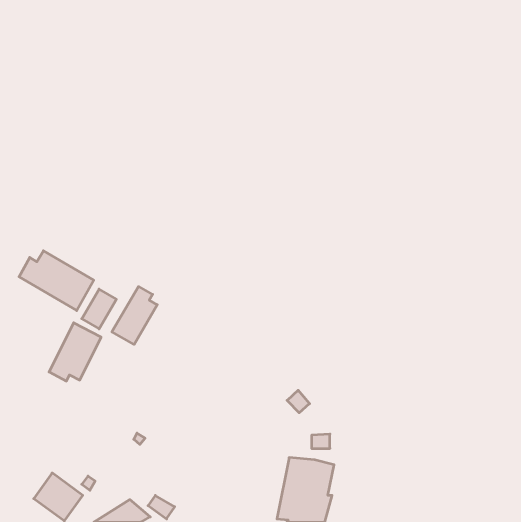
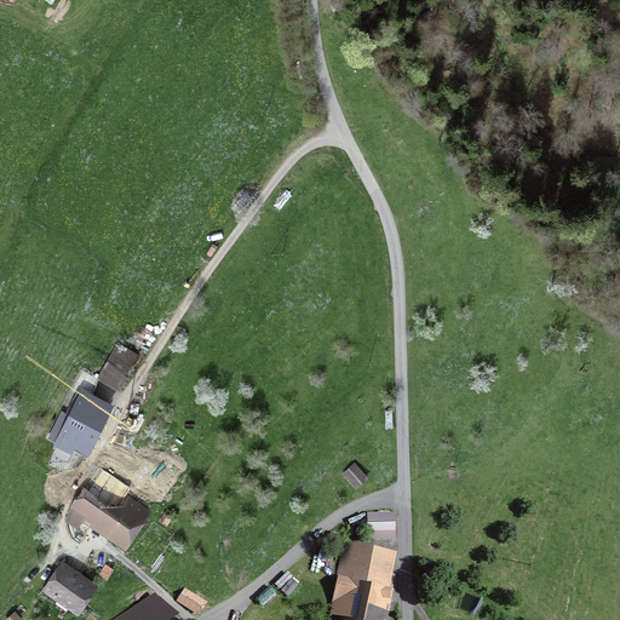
building: [19,251,94,311] -> none
building: [112,287,157,344] -> none
building: none -> [64,467,150,552]

